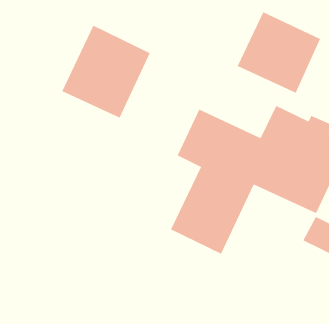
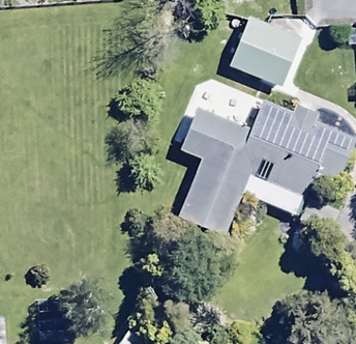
building: [61,25,151,118] -> none

